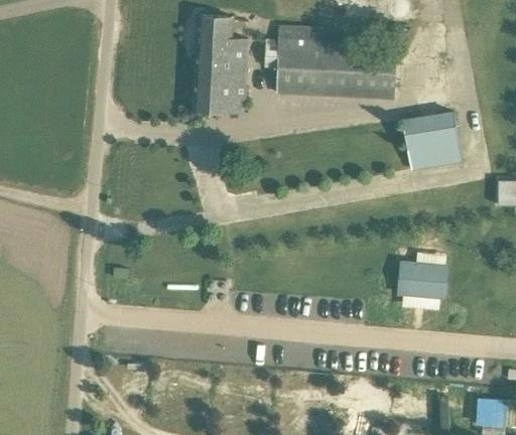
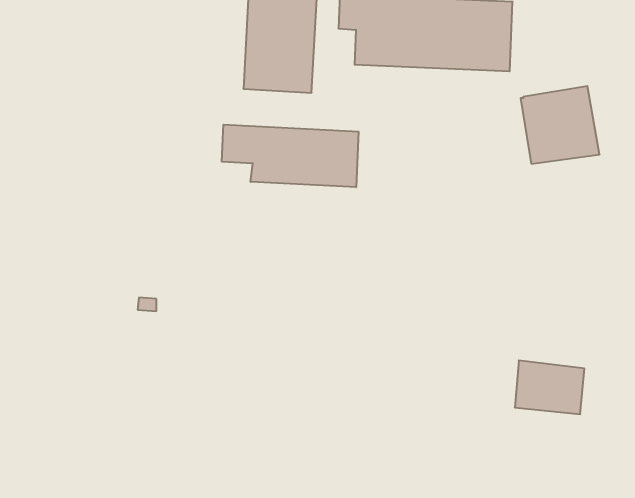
building: none -> [222,125,358,187]
building: [398,260,450,300] -> [515,360,584,414]

